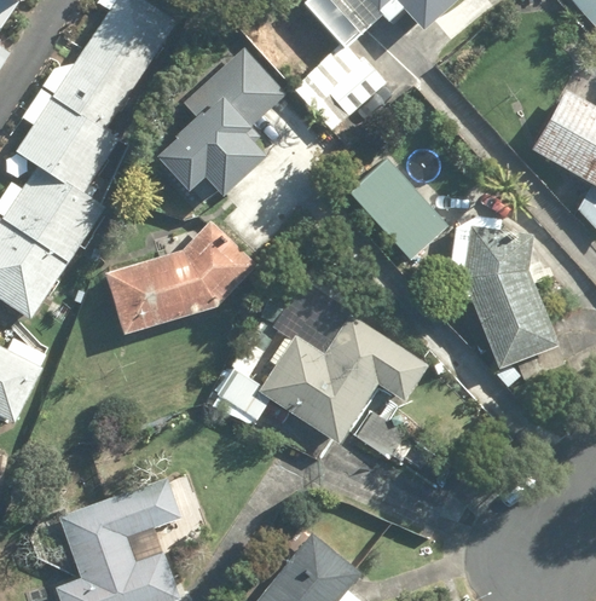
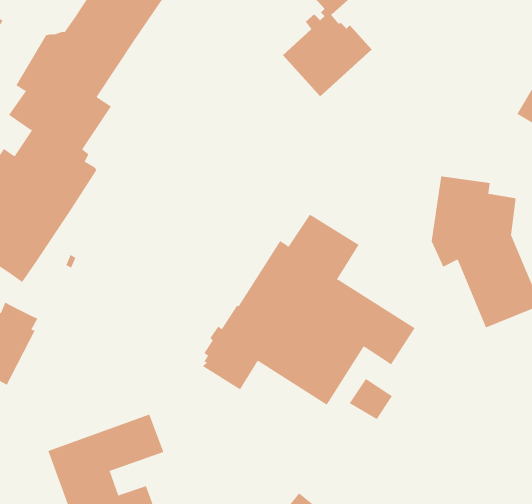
building: [146,46,285,189] -> none
building: [348,158,449,262] -> none
building: [105,223,258,336] -> none

